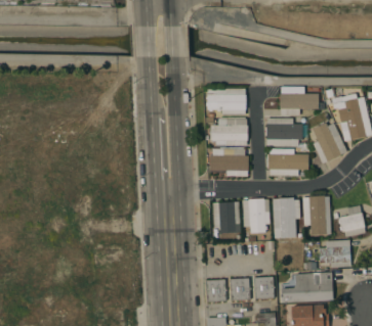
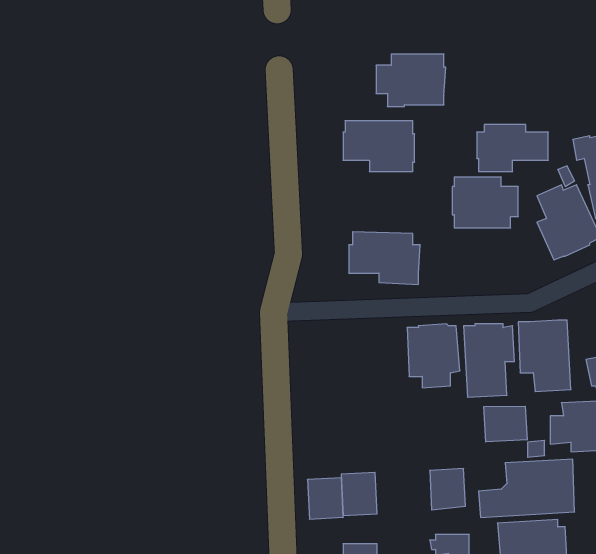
building: [210,119,248,147] -> [376,54,446,107]
building: [268,148,308,177] -> none
building: [212,201,240,233] -> none
building: none -> [484,406,527,442]
building: [231,278,250,300] -> [307,478,343,519]

